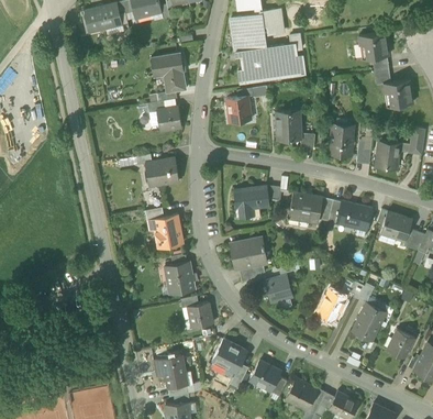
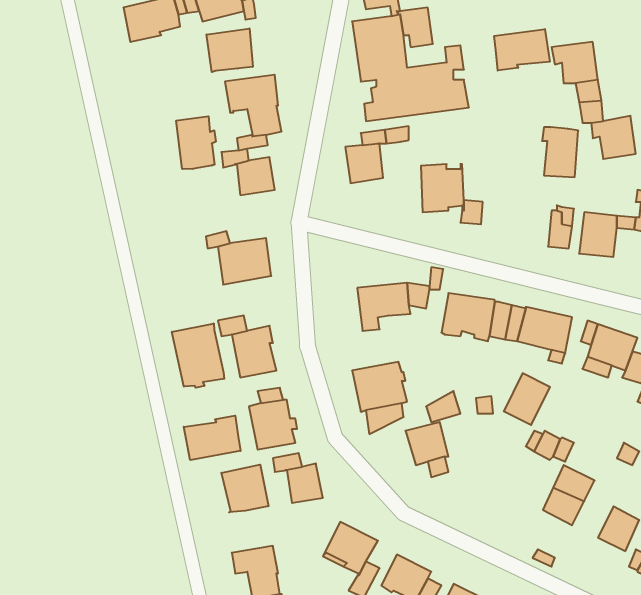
building: none -> [207,28,253,72]
building: none -> [494,29,550,71]
building: none -> [176,116,216,169]
building: [331,123,354,155] -> [542,127,578,177]
building: none -> [172,323,224,388]
building: none -> [184,416,241,460]
building: [317,288,346,321] -> [504,373,550,425]
building: none -> [221,465,268,512]

